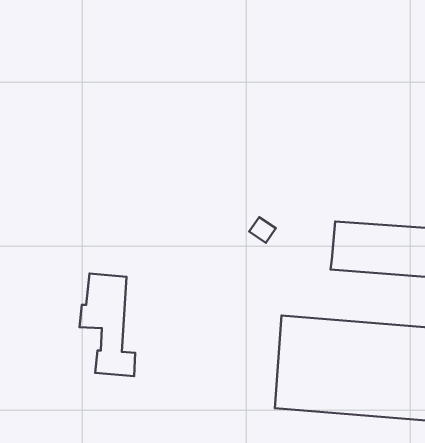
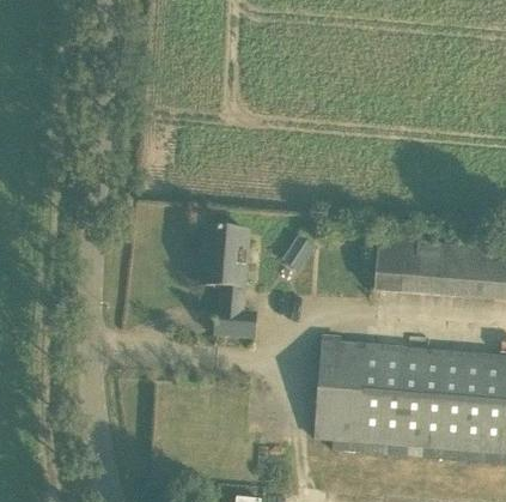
building: [79,273,135,376] -> [197,226,257,337]

